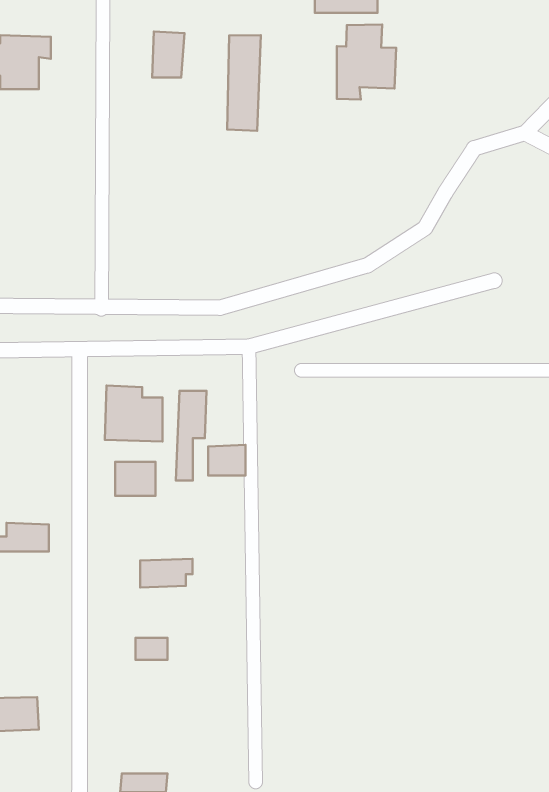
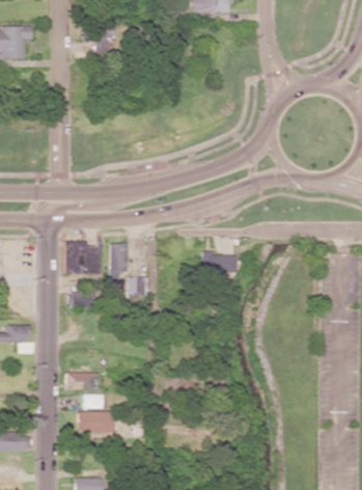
building: [337,25,396,100] -> none
building: [227,35,261,131] -> none
building: none -> [202,253,238,280]
building: [140,559,193,588] -> [67,372,100,389]
building: none -> [80,411,113,432]

